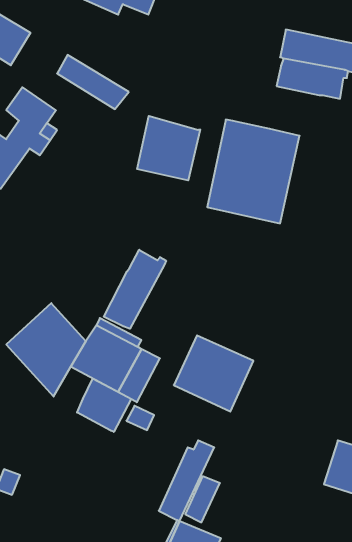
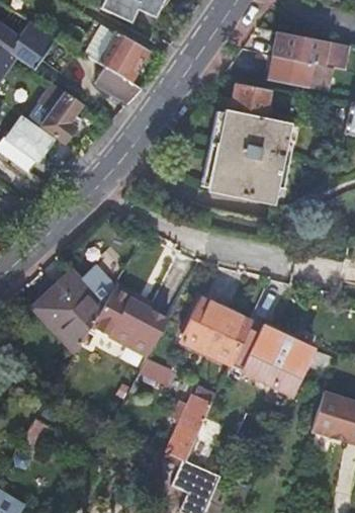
building: none -> [96,29,147,80]
building: none -> [231,84,268,118]
building: [137,116,200,180] -> none
building: [104,250,166,329] -> none
building: none -> [242,328,313,394]
building: [77,379,131,432] -> none

